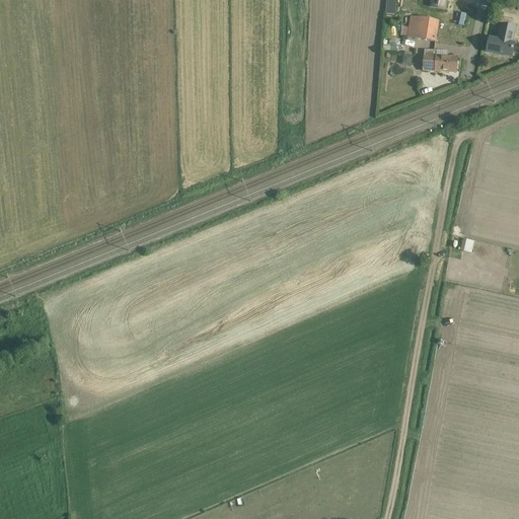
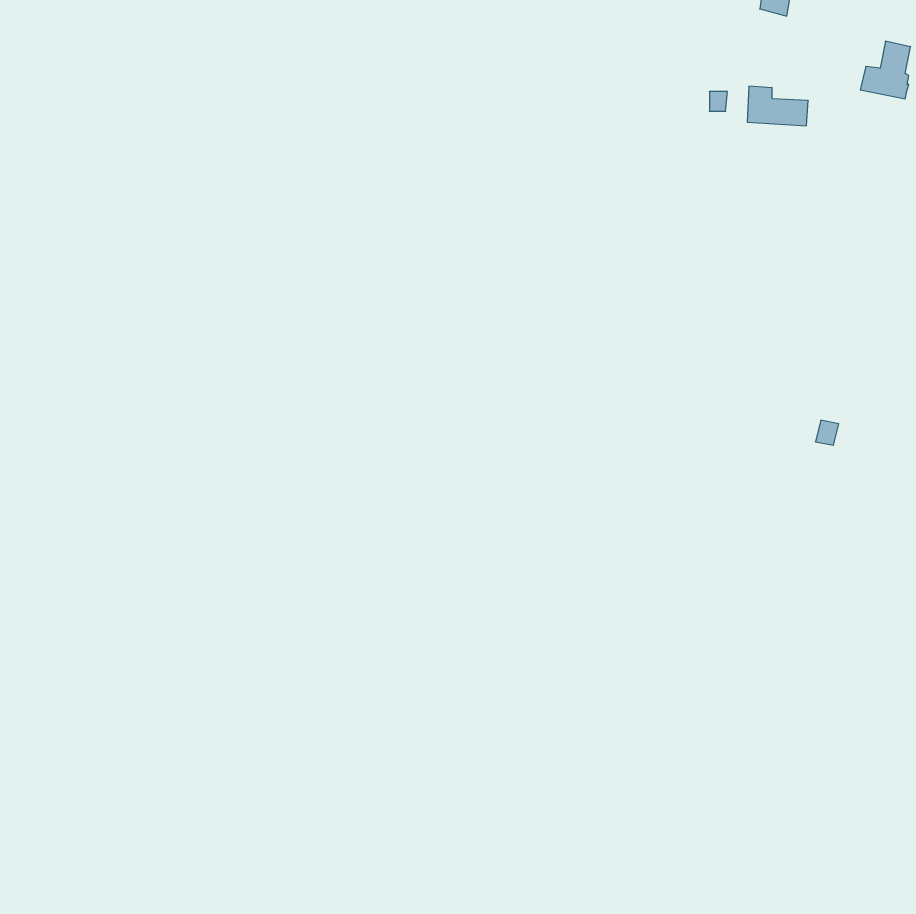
building: [405,15,438,41] -> none

